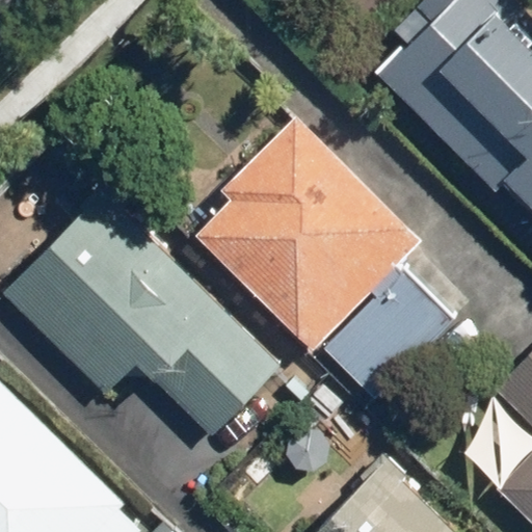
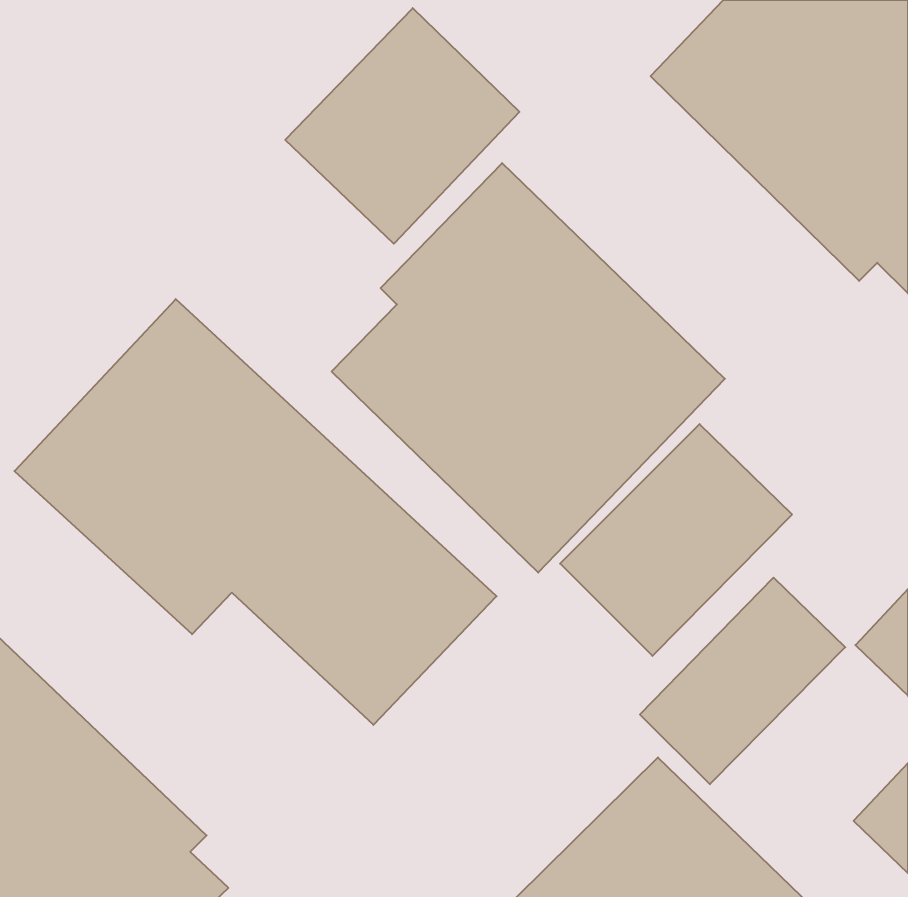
building: none -> [285,8,519,244]
building: none -> [640,578,845,784]

